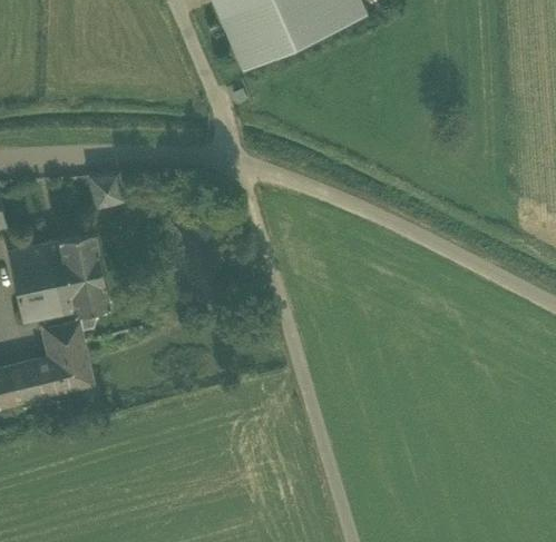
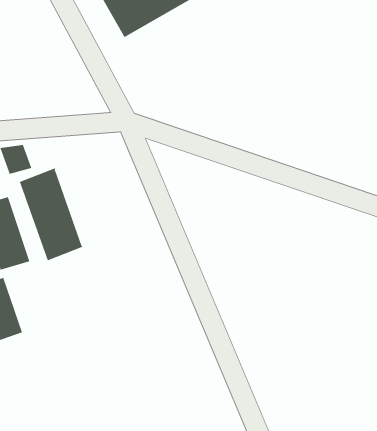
building: none -> [19,168,83,261]

